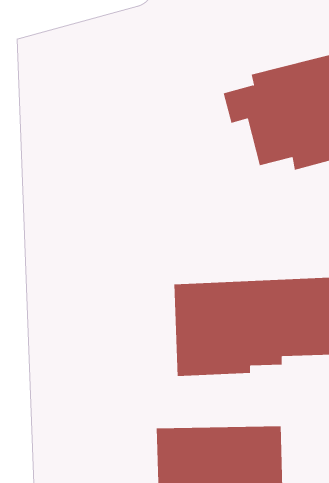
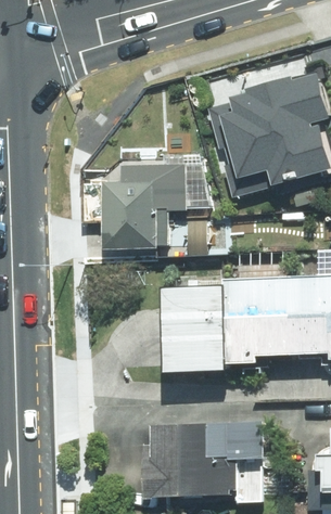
building: none -> [106,165,189,248]

